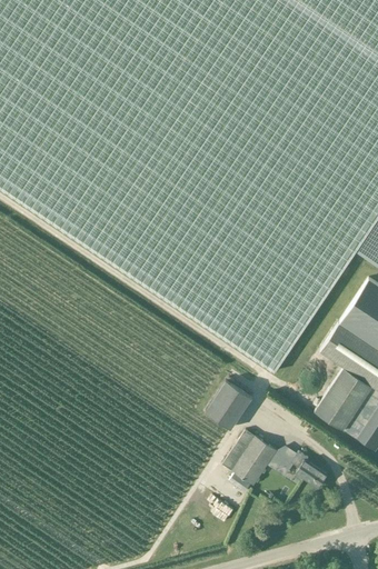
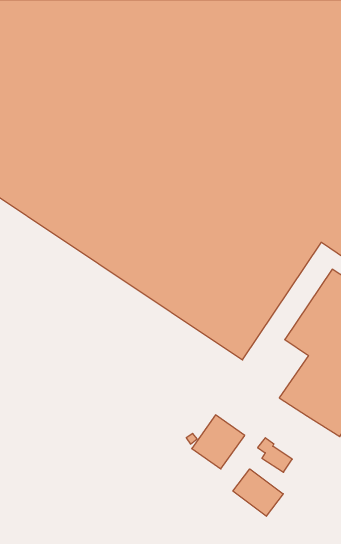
building: [206,378,253,427] -> none
building: none -> [233,469,283,516]

